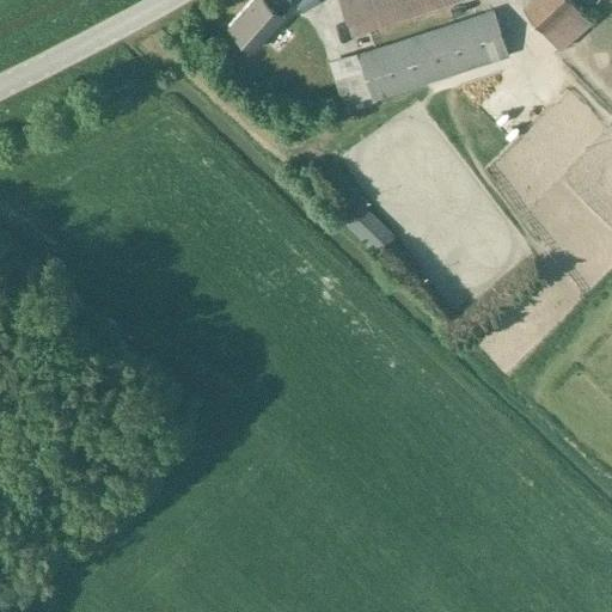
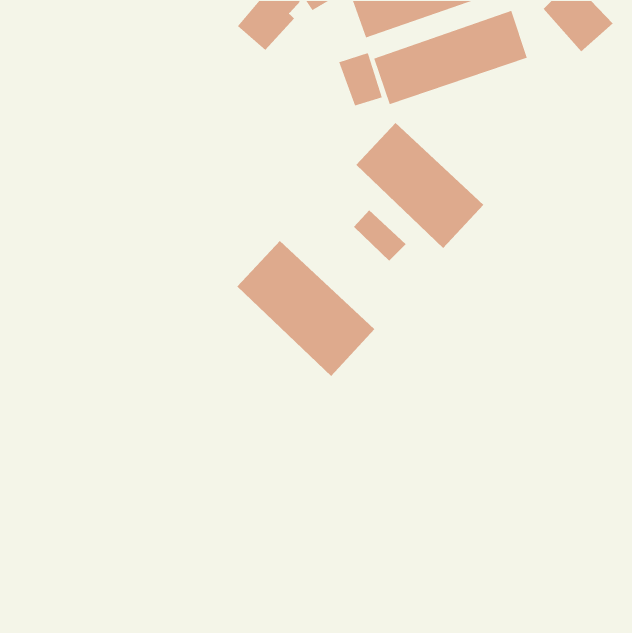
building: none -> [355,122,484,249]
building: none -> [237,240,375,377]

